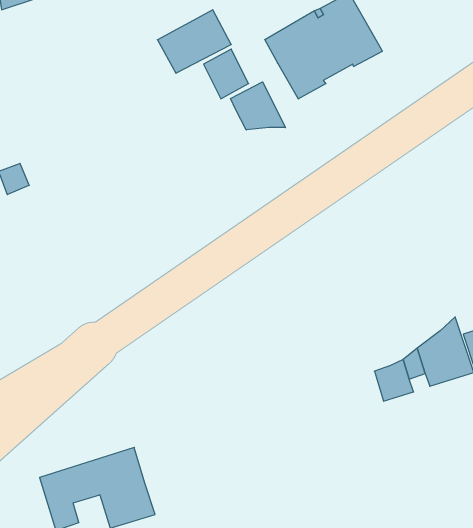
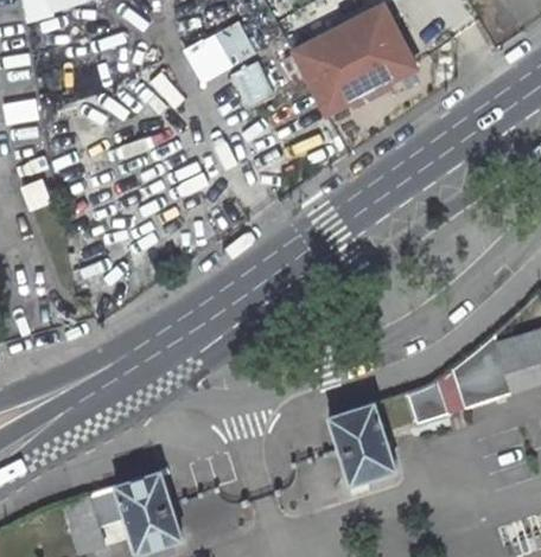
building: [231,82,285,130] -> none
building: none -> [329,402,396,485]

